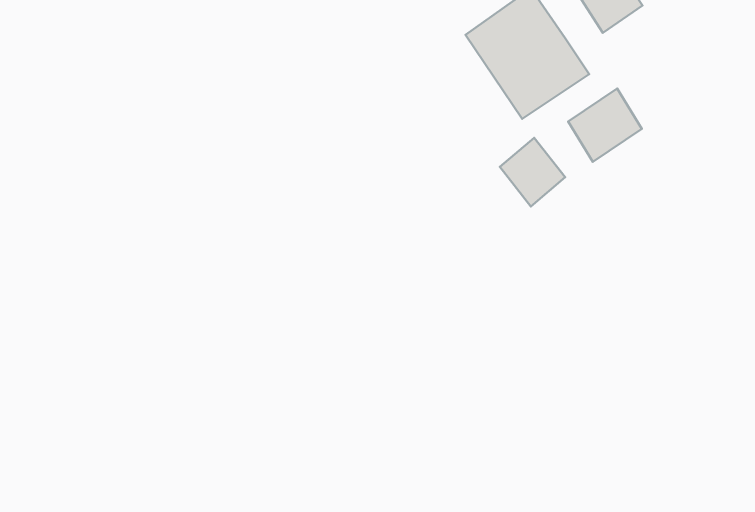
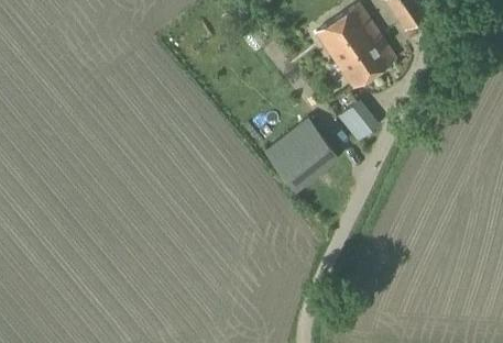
building: [568,88,642,162] -> none
building: none -> [270,113,342,185]

